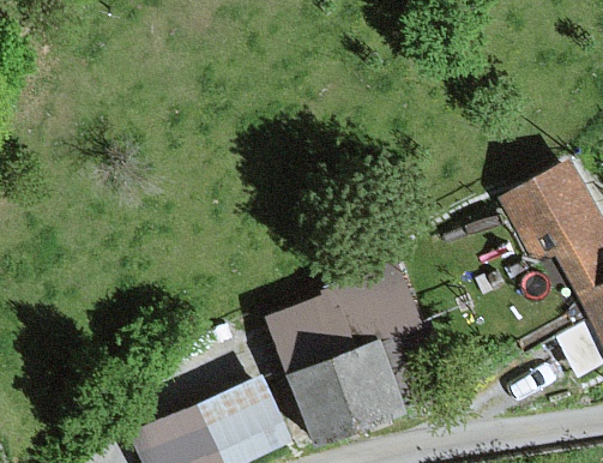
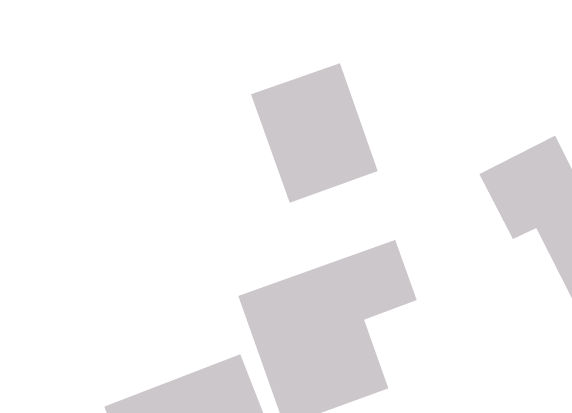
building: none -> [250,62,379,204]

